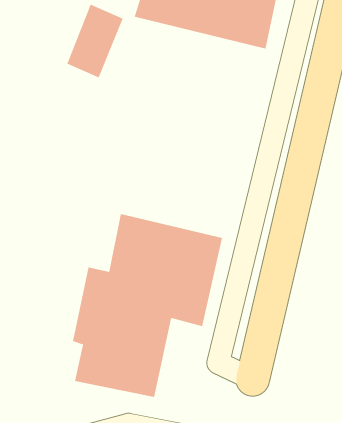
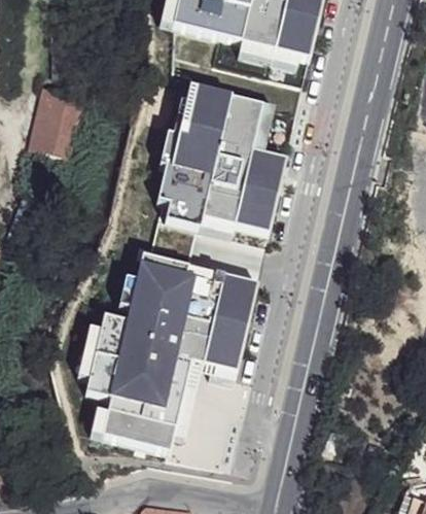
building: [66,4,124,78] -> [23,79,87,164]
building: none -> [159,78,286,236]

